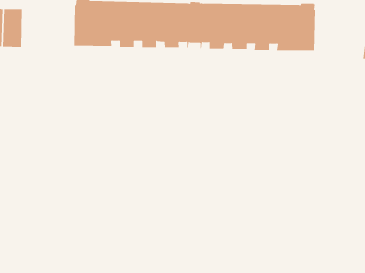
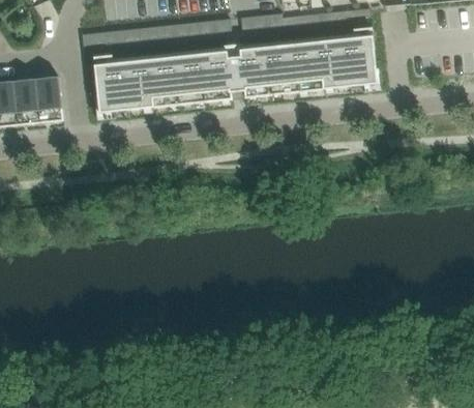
building: none -> [35,78,63,124]

